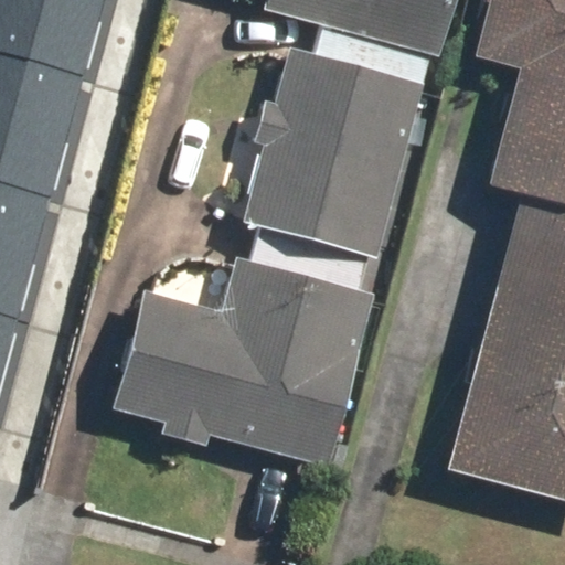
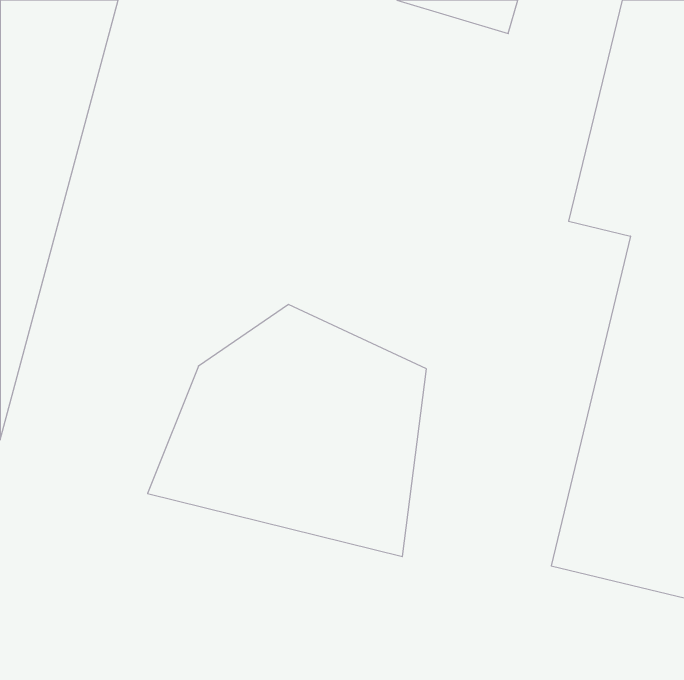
building: [252,62,416,246] -> none

